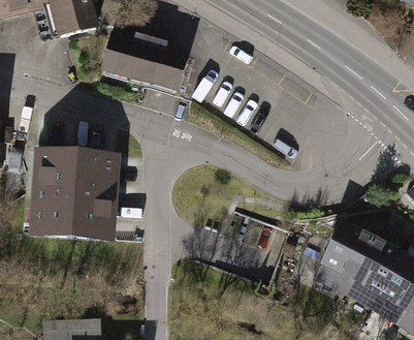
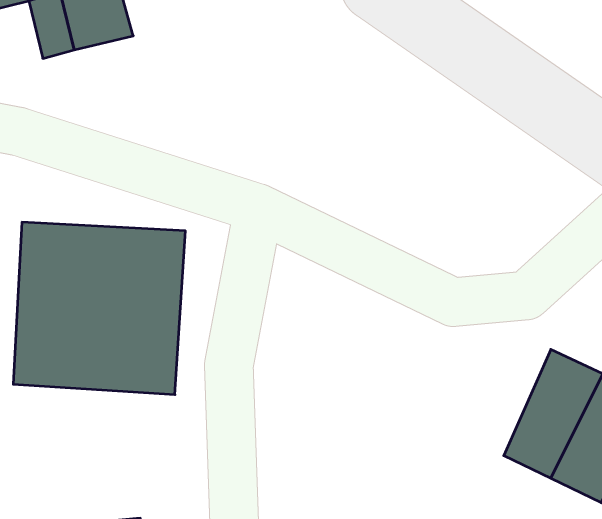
building: [99,30,190,94] -> none

